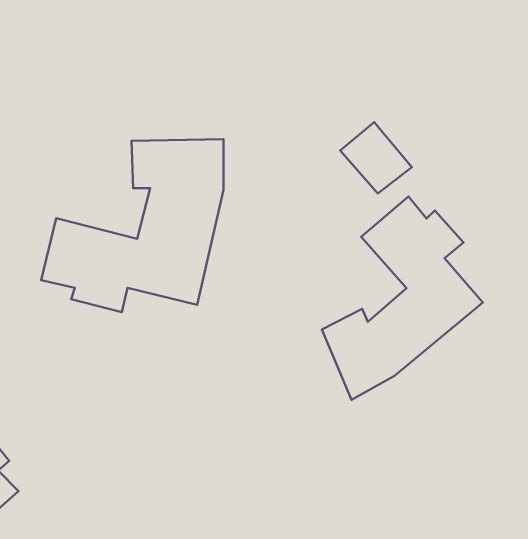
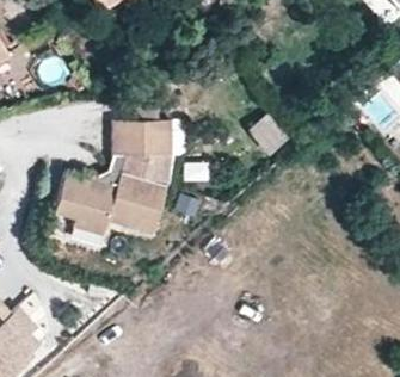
building: [322,197,483,400] -> none

